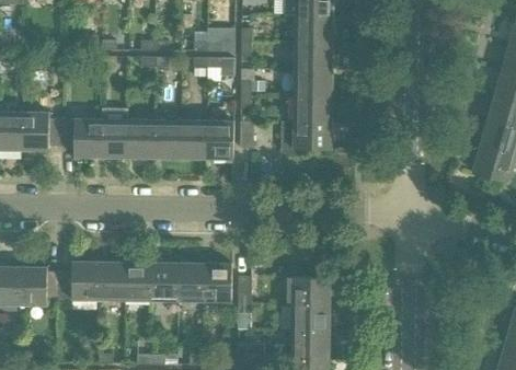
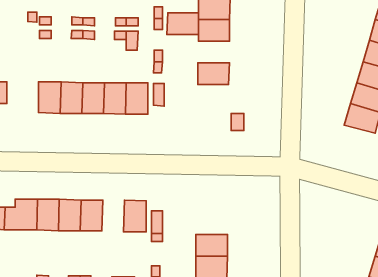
building: [294,70,332,96] -> [167,13,199,35]
building: [62,119,101,157] -> none
building: [294,123,331,149] -> none
building: [177,263,205,301] -> none
building: [291,277,330,304] -> none

